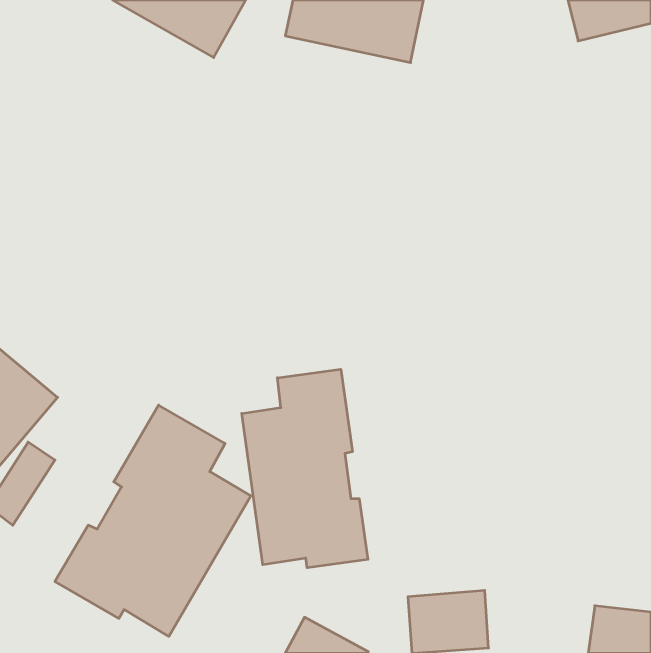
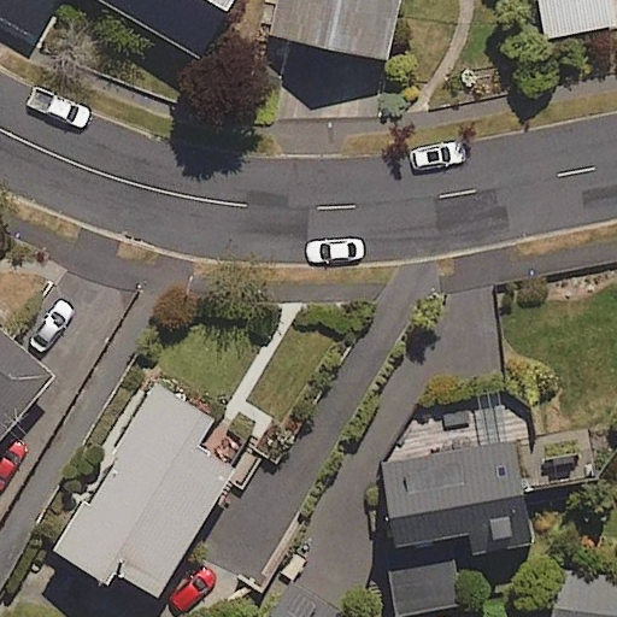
building: [242,369,368,568] -> none
building: none -> [380,443,533,554]

